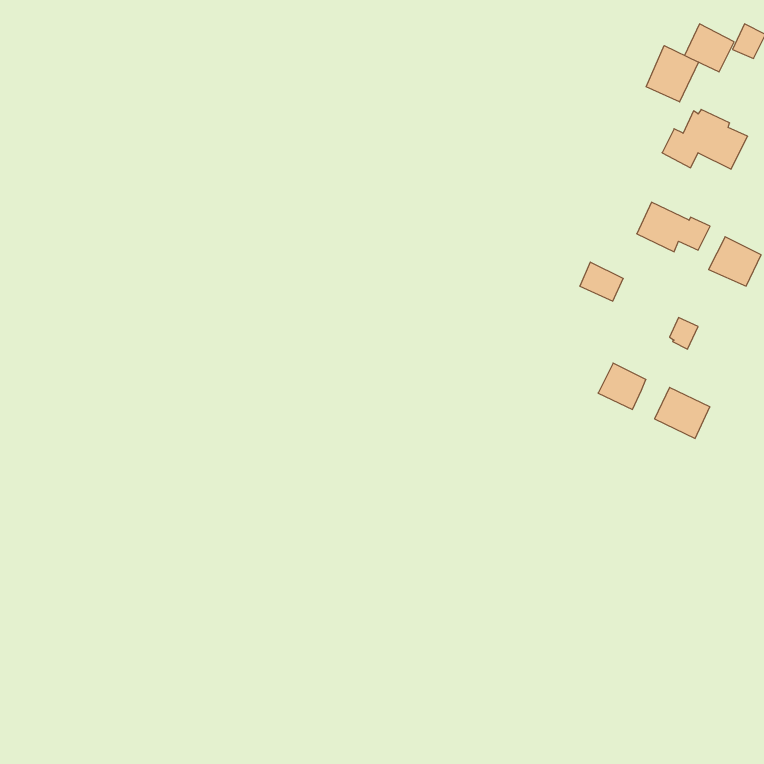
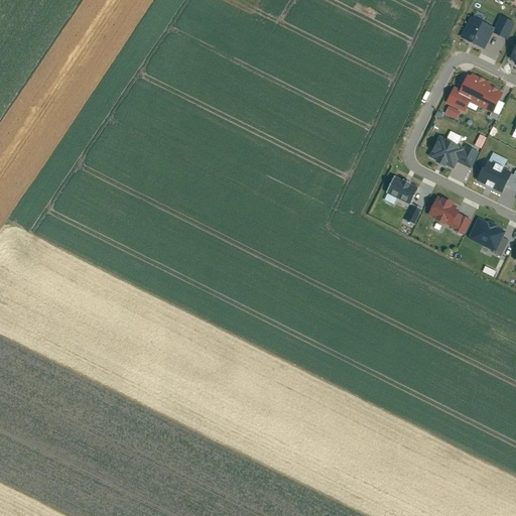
building: [646,46,699,102] -> none
building: [598,363,646,409] -> [428,196,461,227]
building: [655,387,710,438] -> [469,218,506,252]

